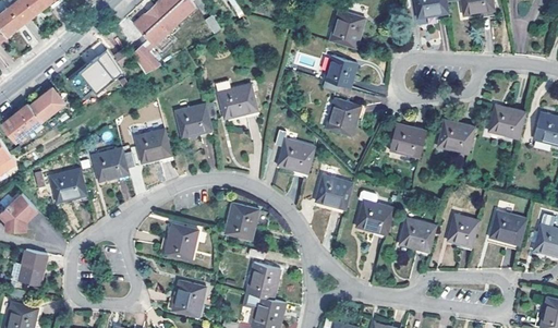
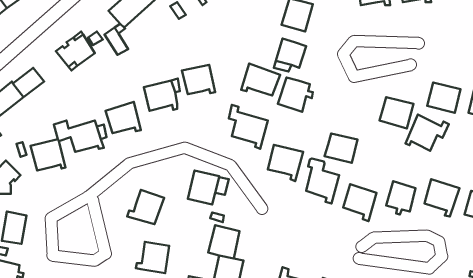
building: none -> [241,64,280,95]
building: [389,125,426,158] -> [324,134,358,163]
building: none -> [405,114,449,151]

